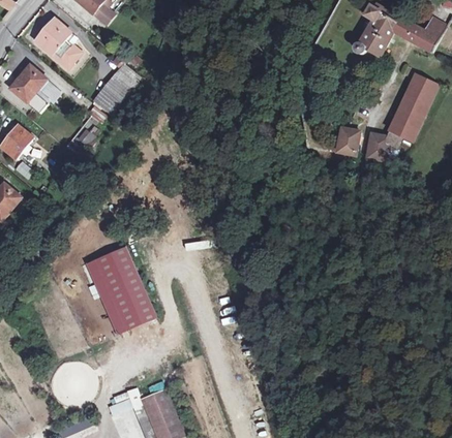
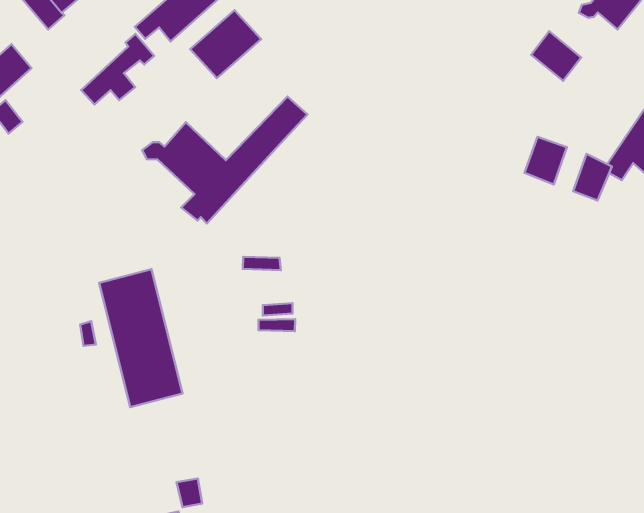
building: none -> [531,31,581,81]
building: none -> [190,10,261,78]
building: none -> [142,97,307,223]

